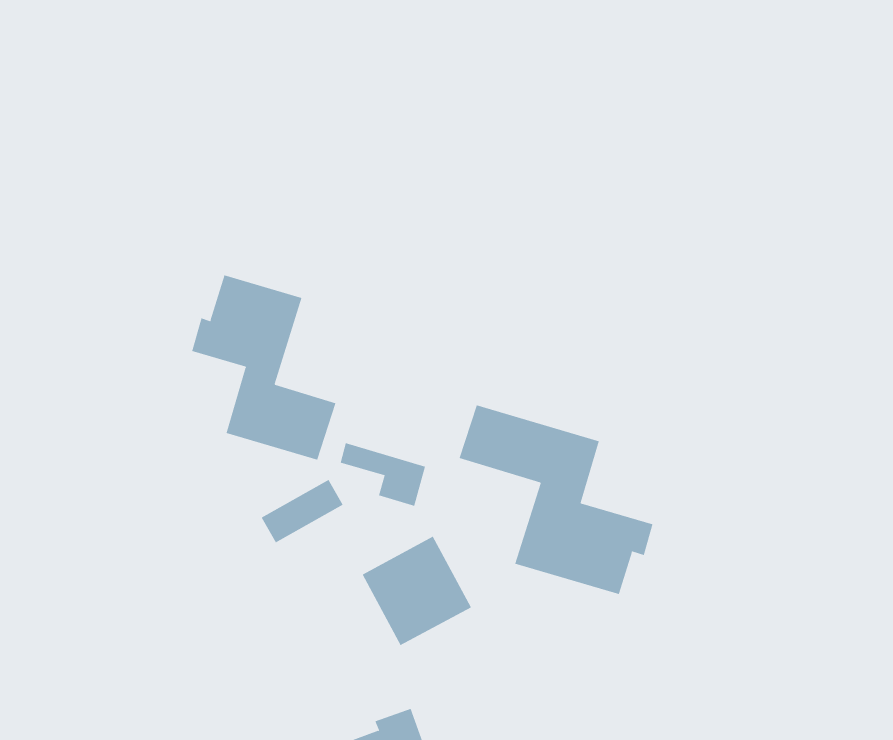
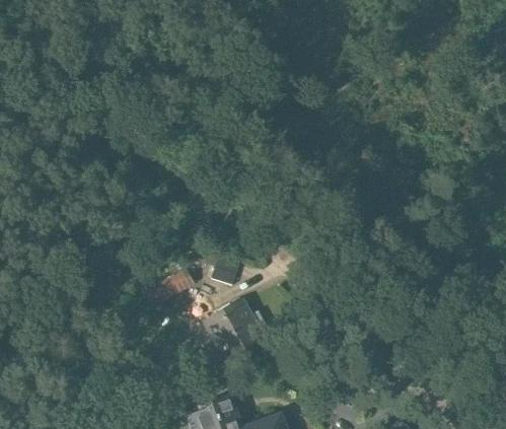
building: [192,275,336,461] -> none
building: [459,405,653,595] -> none

